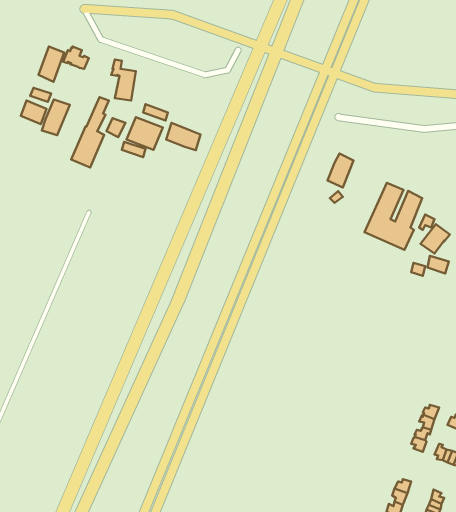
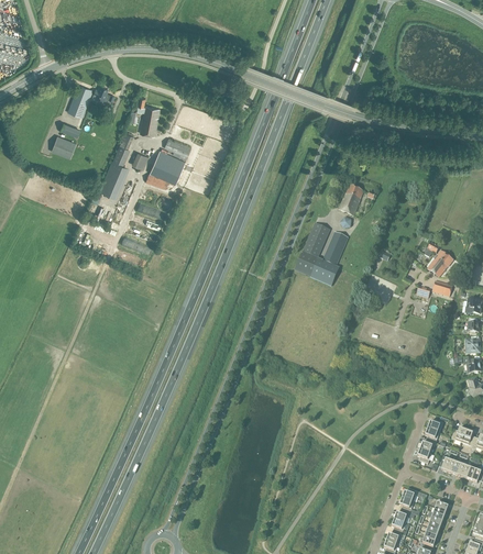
building: [42,99,70,135] -> none
building: [166,123,200,150] -> none
building: [365,183,422,250] -> [294,222,348,285]

